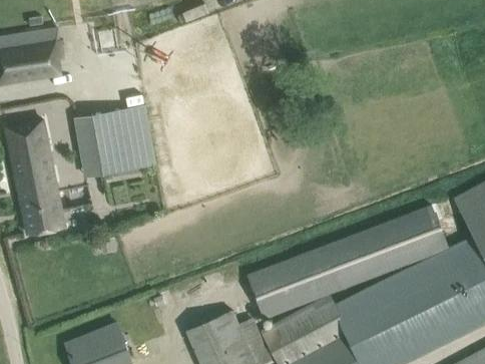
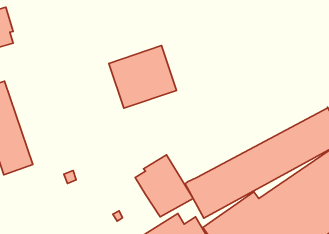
building: [78,106,156,176] -> [109,46,177,108]
building: none -> [135,155,193,217]

